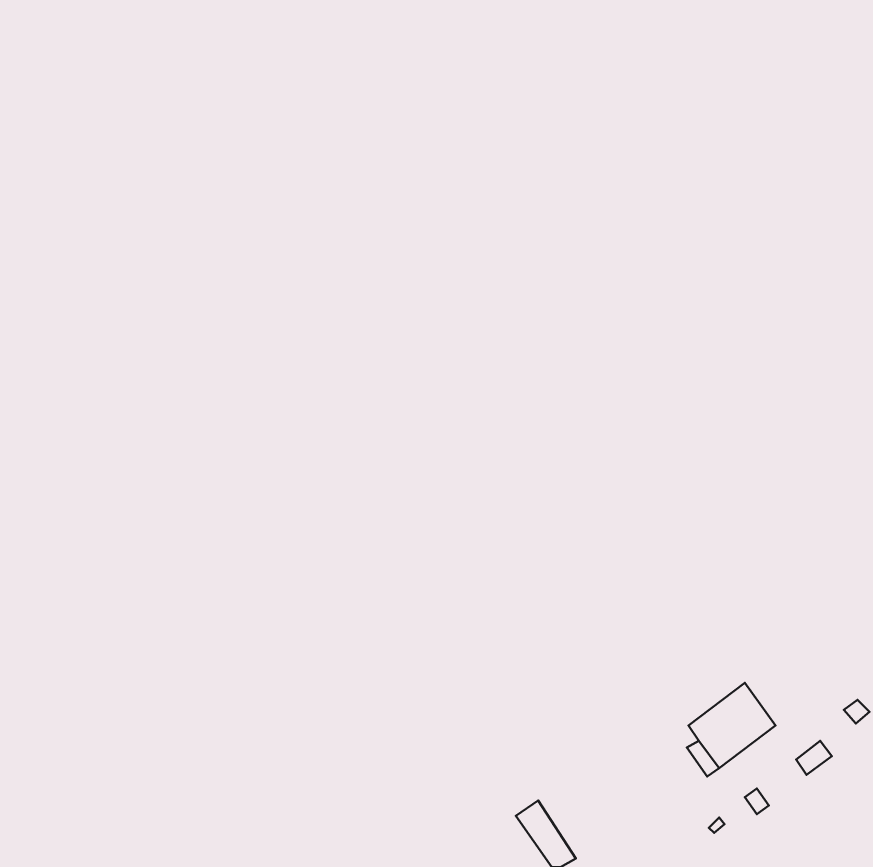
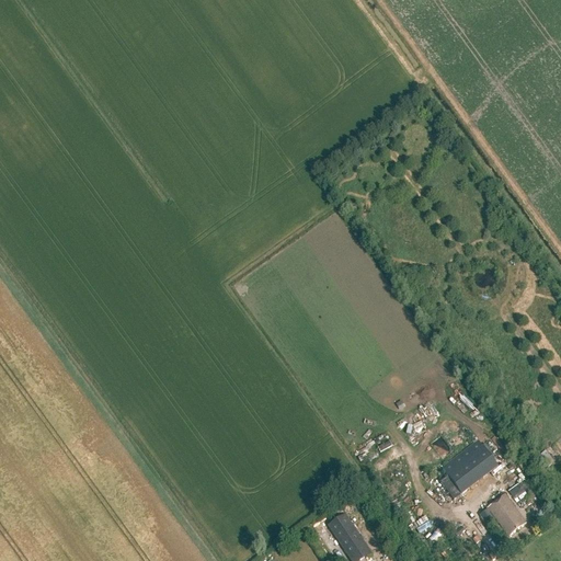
building: none -> [489,493,526,535]

